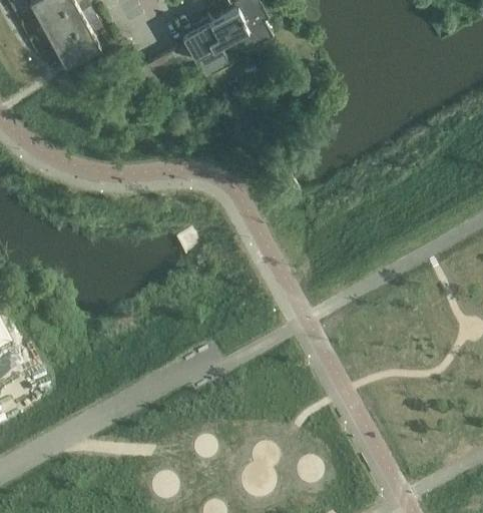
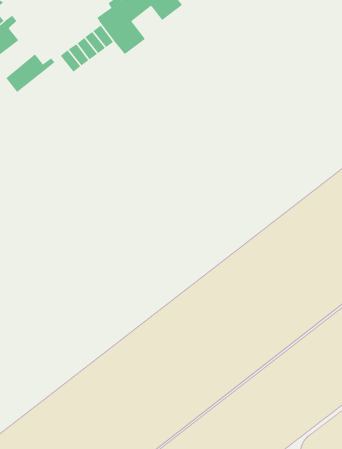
building: none -> [5,53,55,93]

